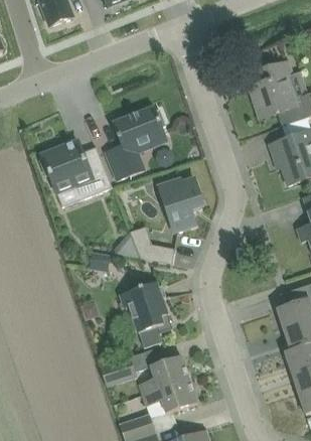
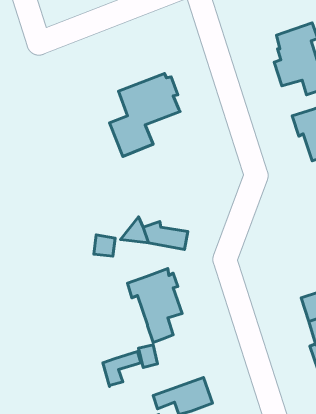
building: [39,139,112,199] -> none
building: [159,176,203,230] -> none
building: [139,353,189,394] -> none

